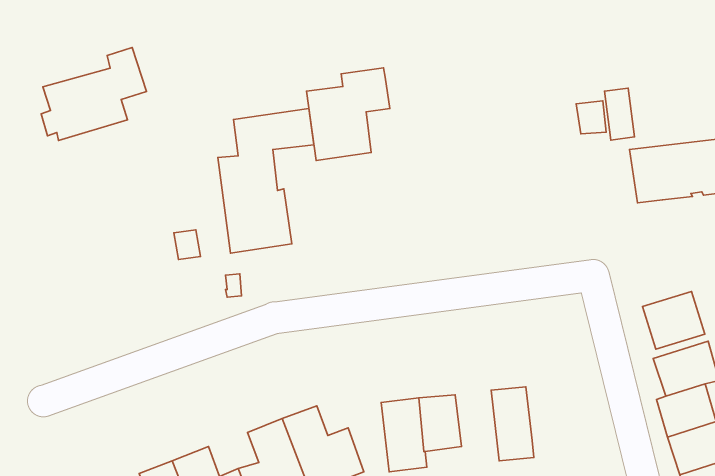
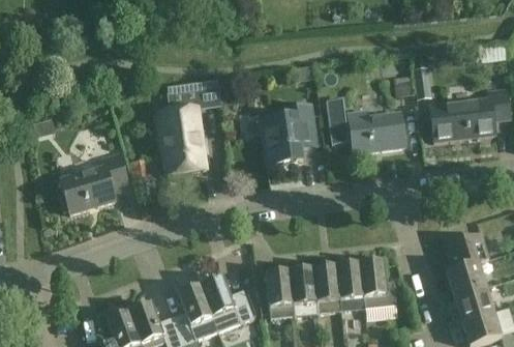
building: [41,48,146,140] -> [59,152,128,213]
building: [307,68,390,160] -> [261,103,315,164]
building: none -> [327,98,404,152]
building: [642,291,705,349] -> none
building: none -> [361,260,397,309]
building: none -> [314,264,343,313]

